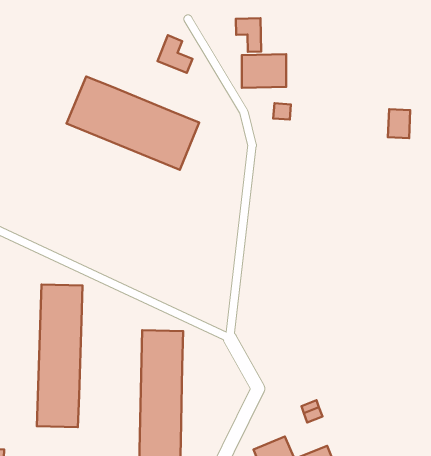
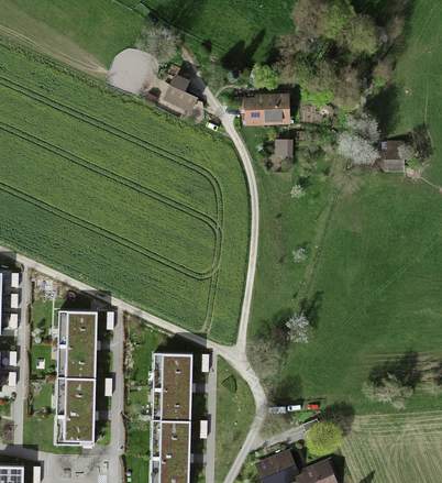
building: [236,18,261,52] -> none
building: [67,76,199,170] -> none

